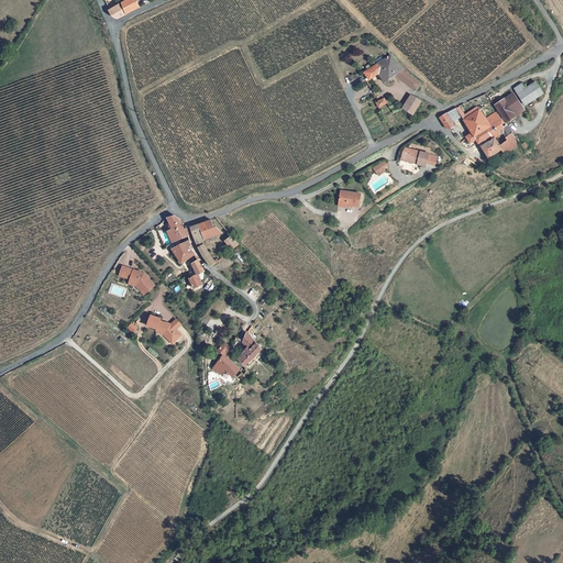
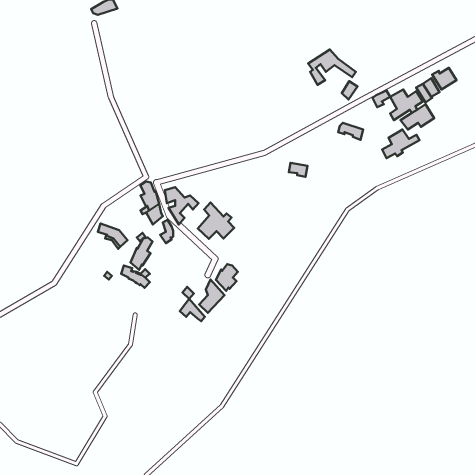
building: none -> [382,130,420,158]
building: none -> [198,203,234,239]
building: none -> [130,237,153,270]
building: none -> [216,264,238,291]

